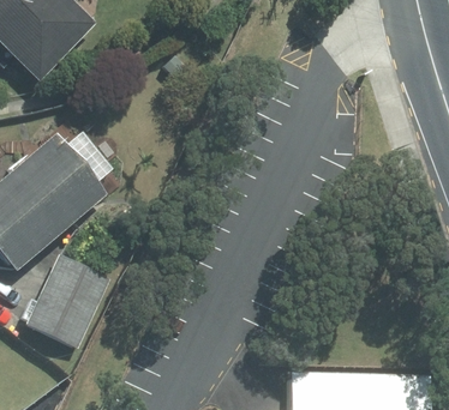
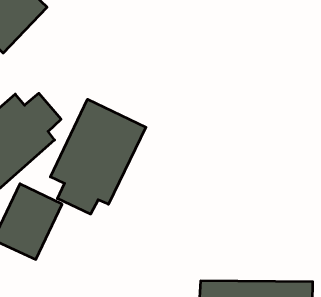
building: none -> [50,99,146,214]

